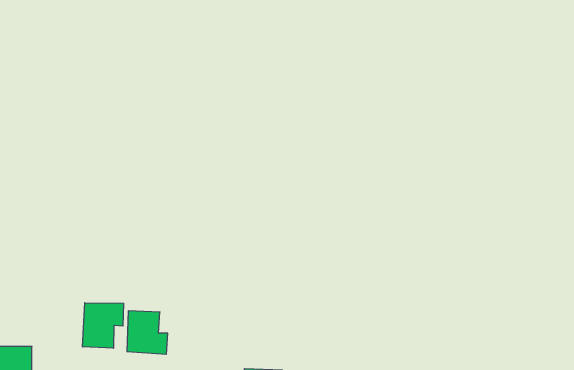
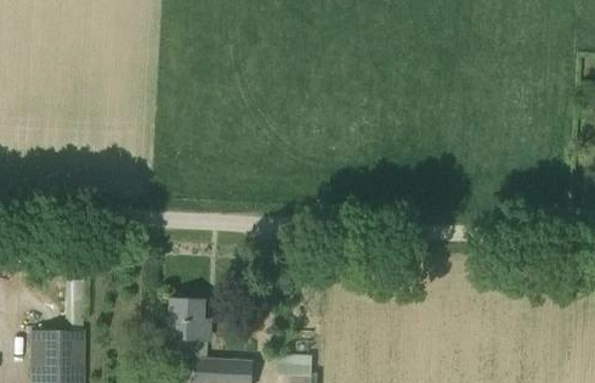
building: [83,303,123,348] -> none

